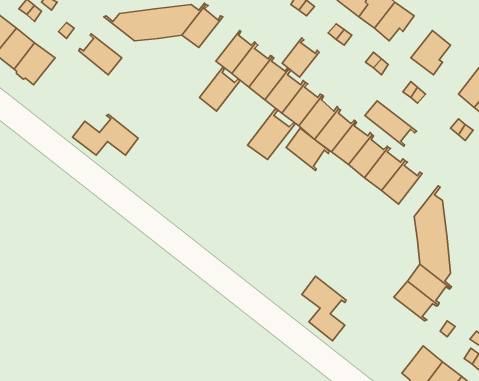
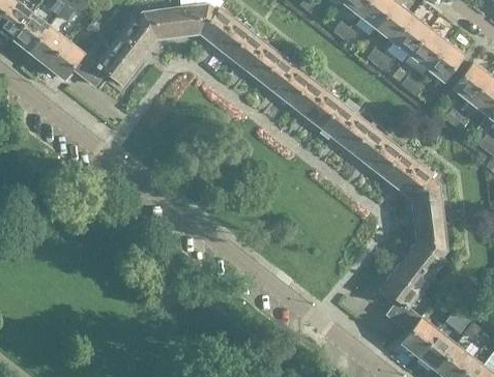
building: none -> [389,17,429,55]
building: none -> [117,18,156,55]
building: [282,38,319,77] -> none
building: none -> [430,44,464,82]
building: [199,67,240,111] -> [215,18,253,58]
building: [365,101,416,146] -> none
building: [247,110,295,159] -> none
building: [72,114,138,155] -> [72,49,133,86]
building: [286,128,329,170] -> none
building: none -> [398,161,434,200]
building: [302,276,346,341] -> [381,273,422,332]

